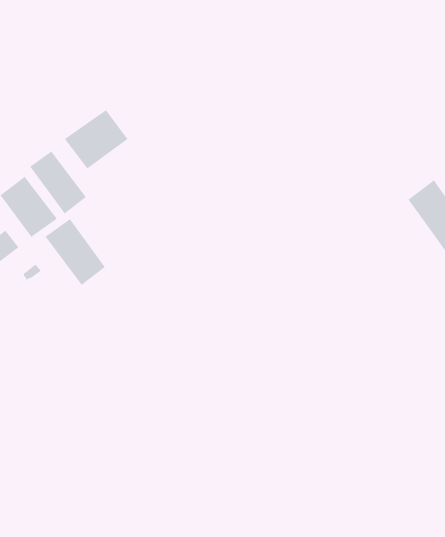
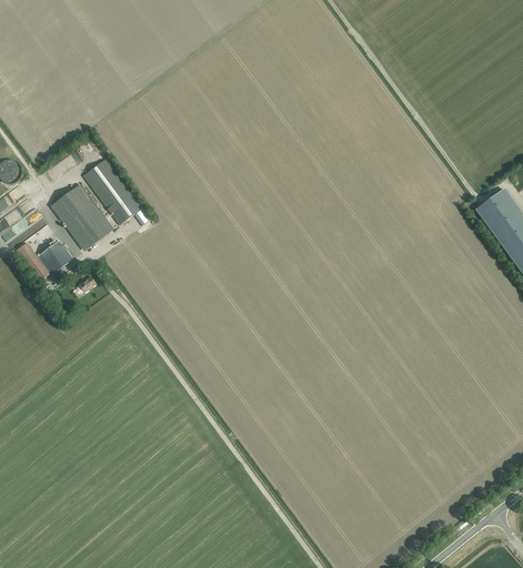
building: [64,109,128,169] -> none
building: [45,218,106,286] -> none

